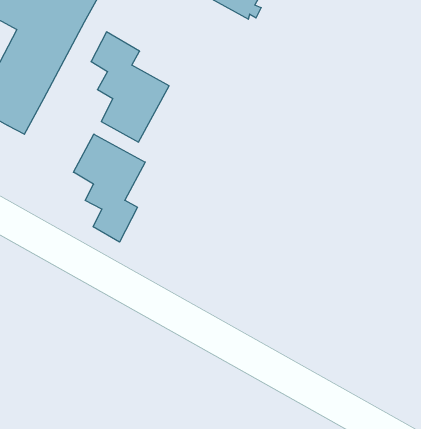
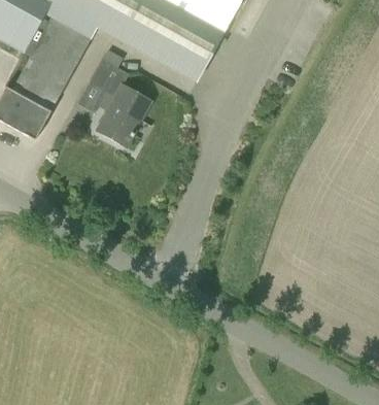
building: [73,134,145,242] -> none

